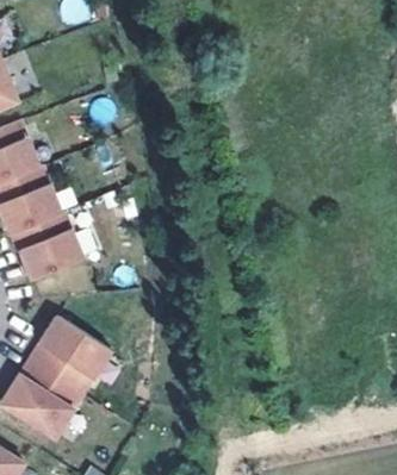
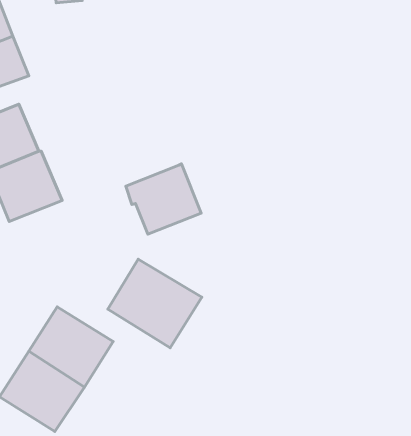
building: [10,213,82,281] -> [126,164,201,234]
building: none -> [108,259,202,348]

